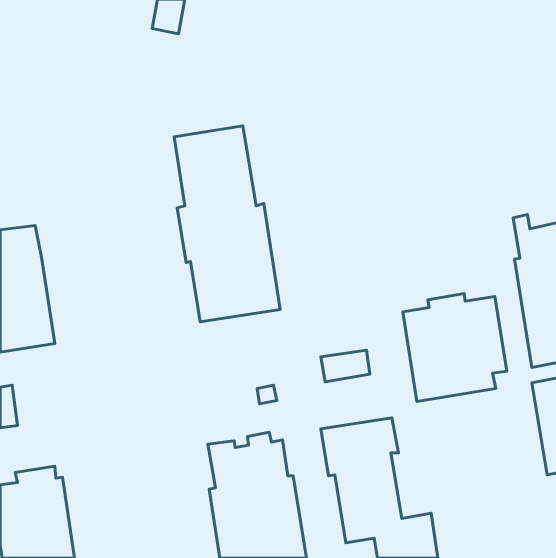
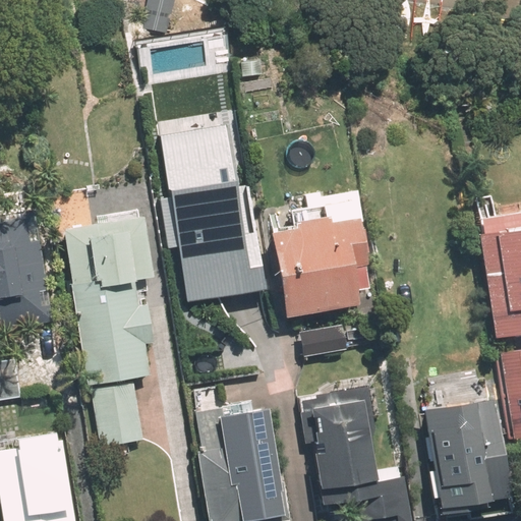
building: none -> [65,211,155,387]
building: [403,293,507,402] -> [273,220,369,321]
building: none -> [93,385,142,449]
building: none -> [424,397,512,513]

